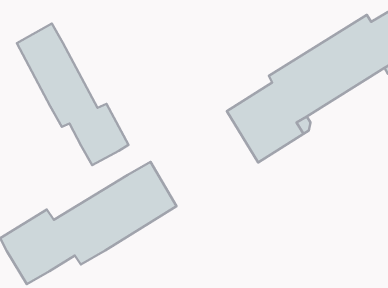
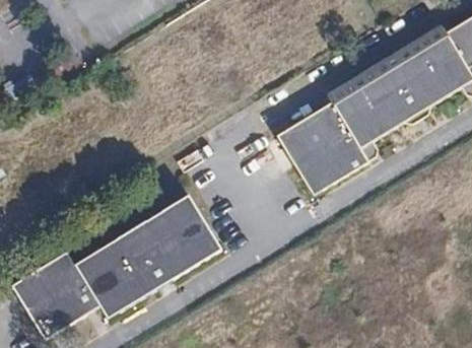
building: [17,24,129,165] -> none

